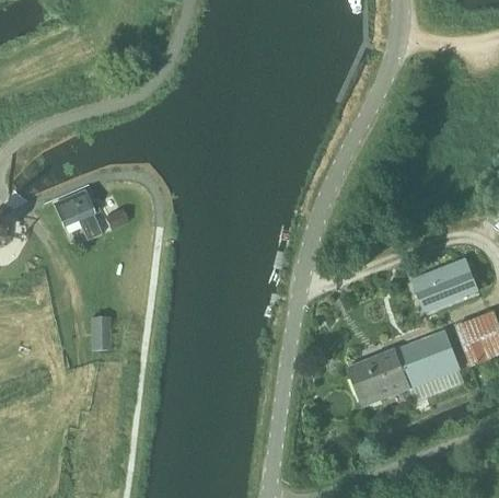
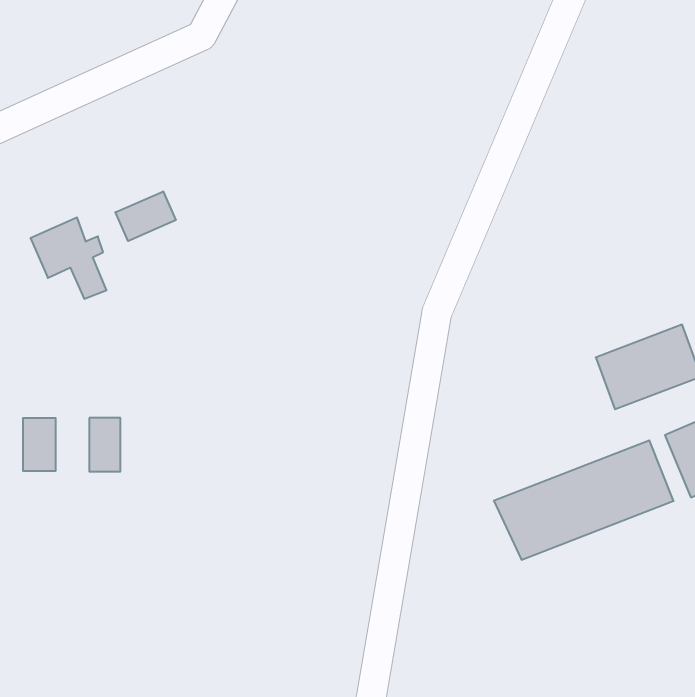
building: none -> [115,191,176,241]
building: none -> [23,418,56,471]

